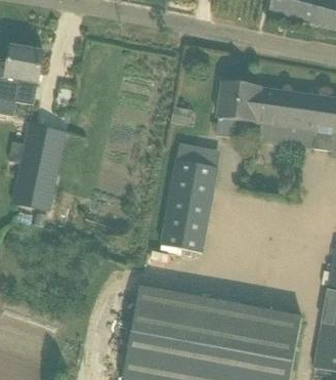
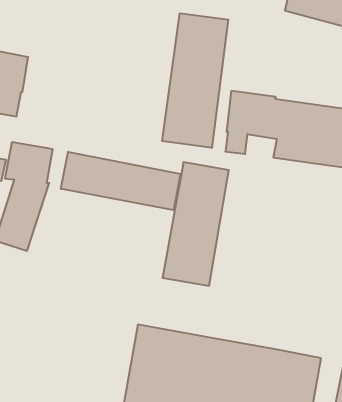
building: none -> [162,13,228,148]
building: none -> [61,152,181,210]

